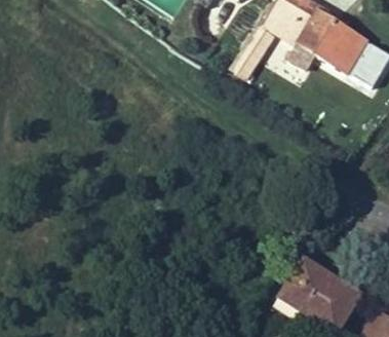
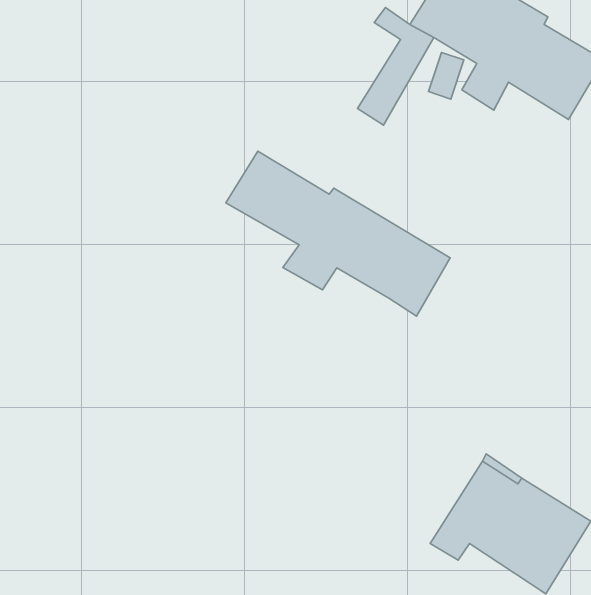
building: none -> [226,151,450,316]

